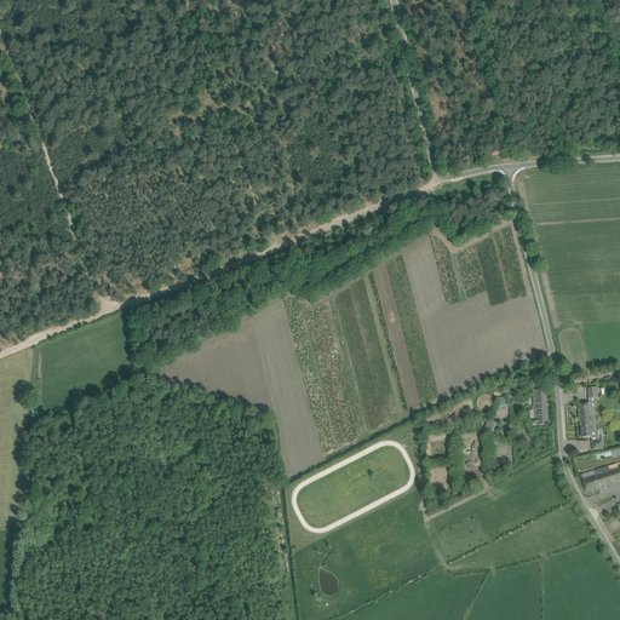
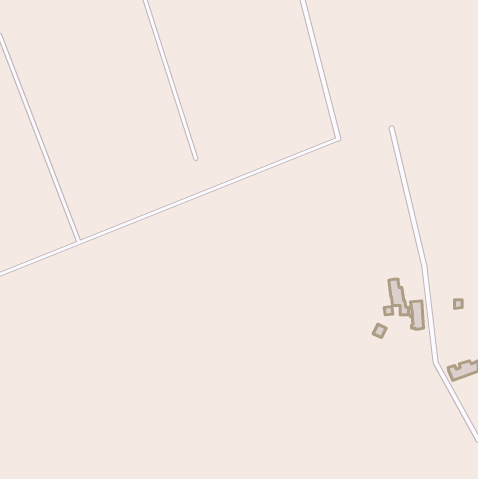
building: [576,403,602,449] -> [389,279,409,315]

